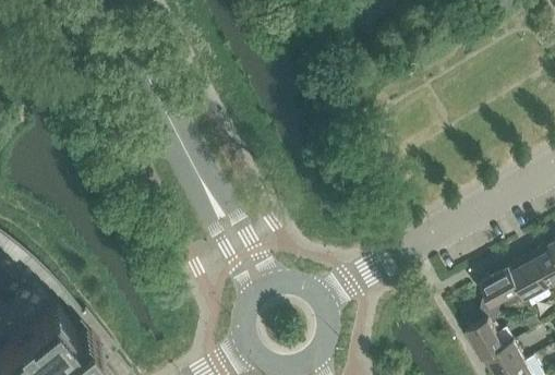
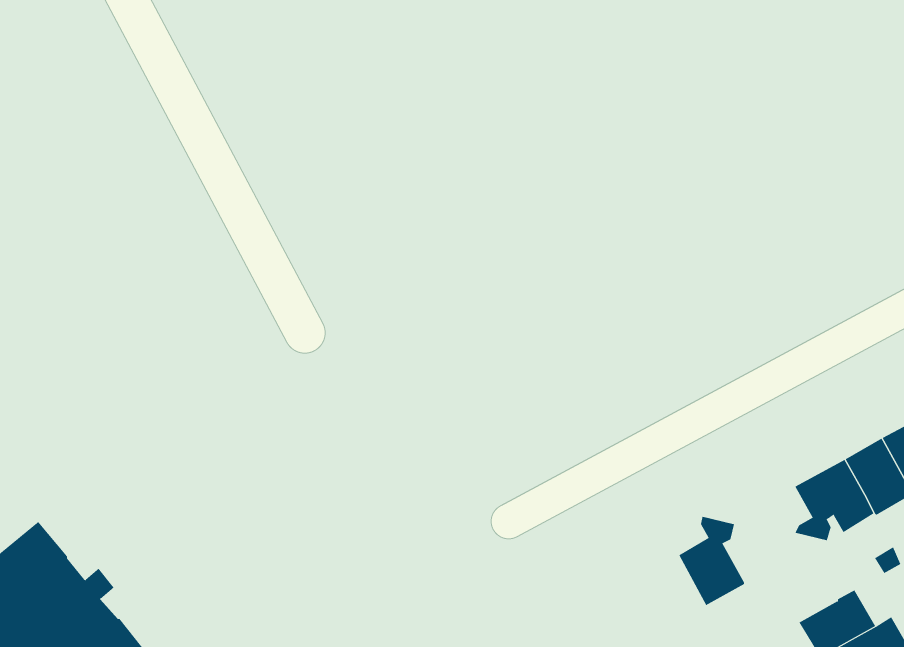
building: [468,309,505,359] -> [679,516,745,606]

